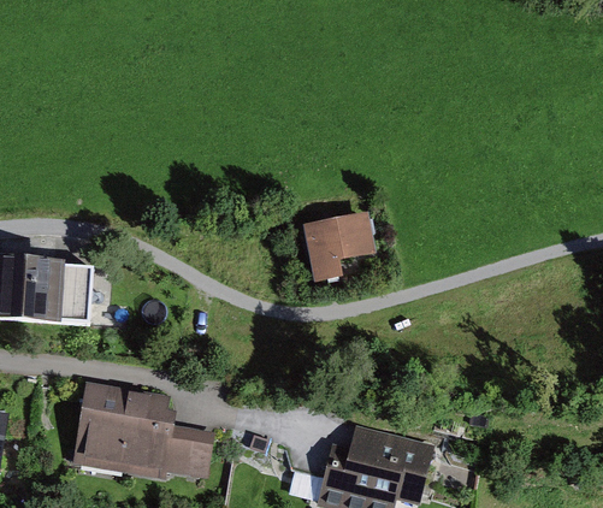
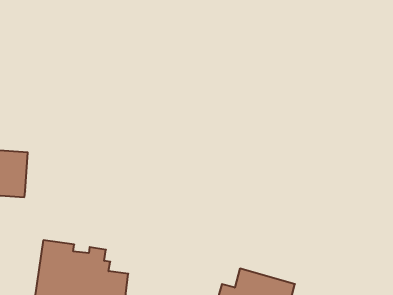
building: [302,215,378,288] -> none
building: [59,260,96,317] -> none

